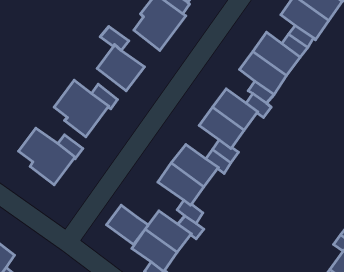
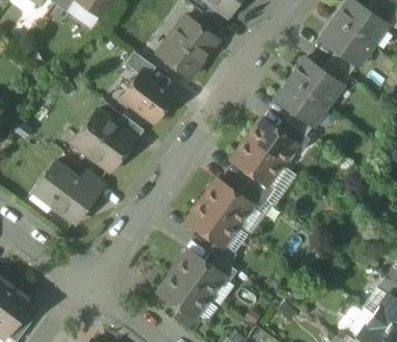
building: [107,205,148,244] -> none

